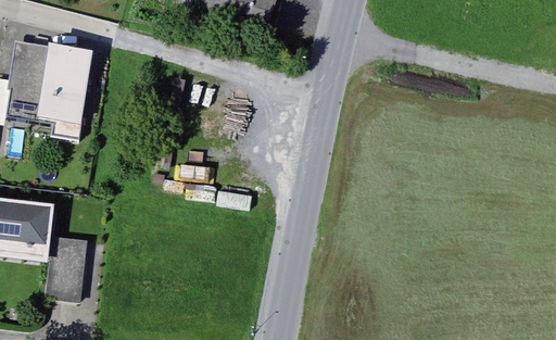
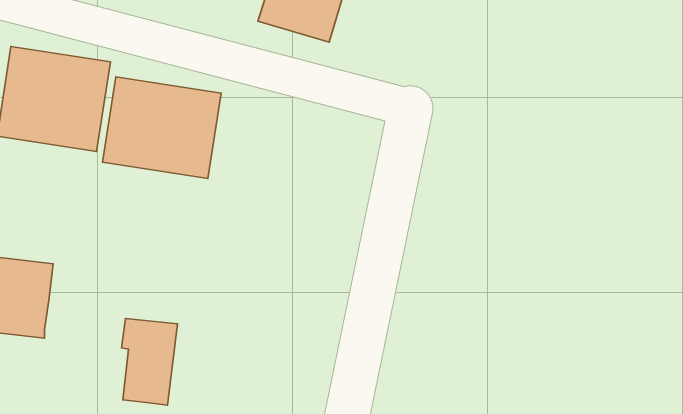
building: none -> [103,77,221,179]
building: [45,235,88,302] -> [121,318,177,405]

